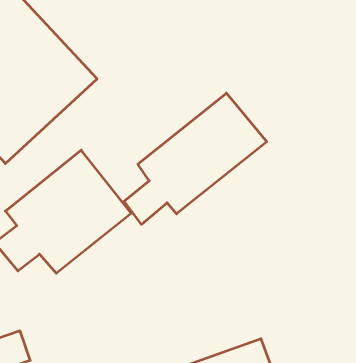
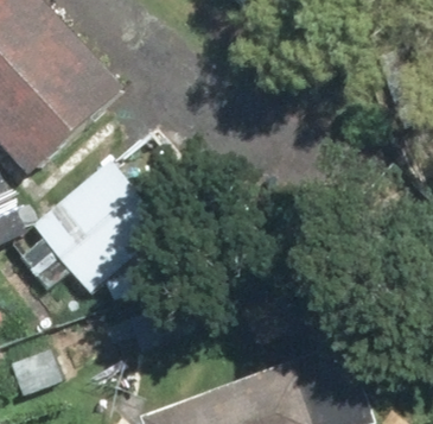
building: [124,93,267,224] -> none

